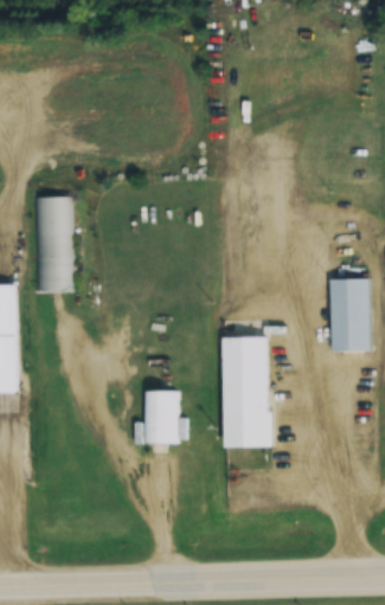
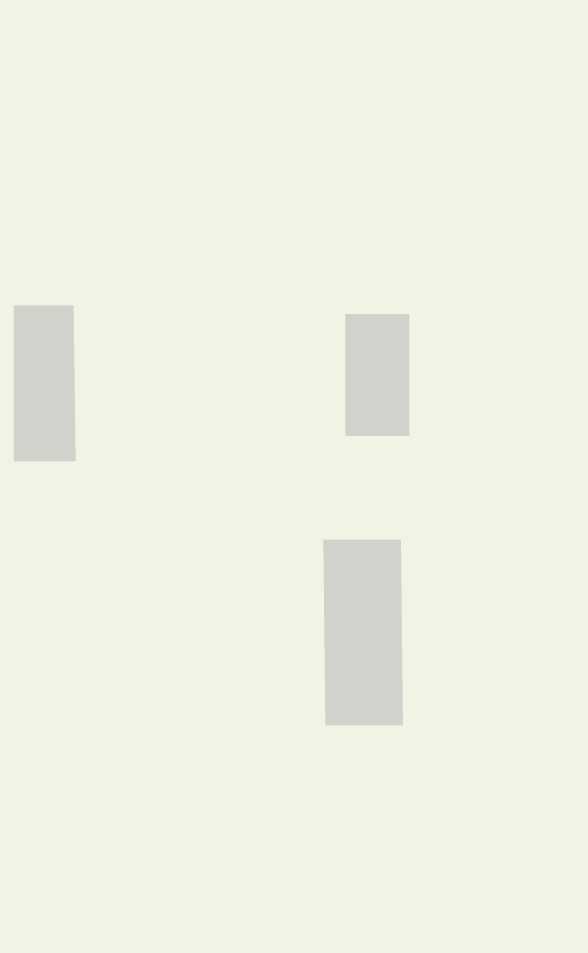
building: [332,277,371,350] -> [344,313,410,436]
building: [143,391,179,452] -> none

